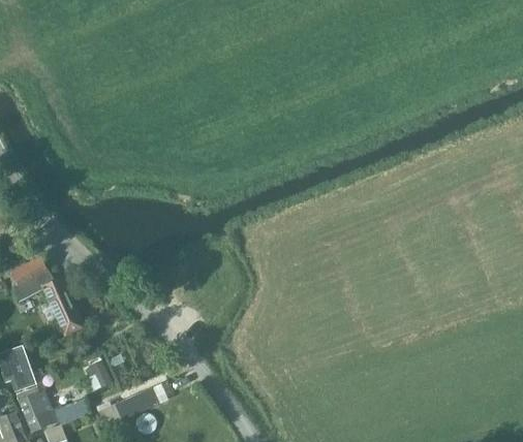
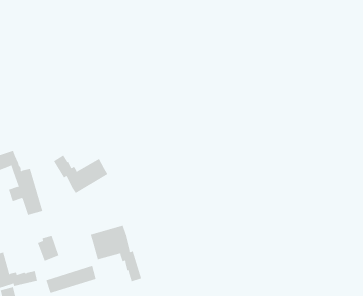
building: none -> [53,155,108,194]
building: none -> [90,225,142,282]

